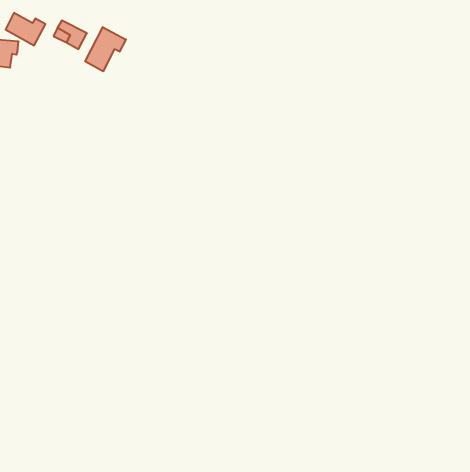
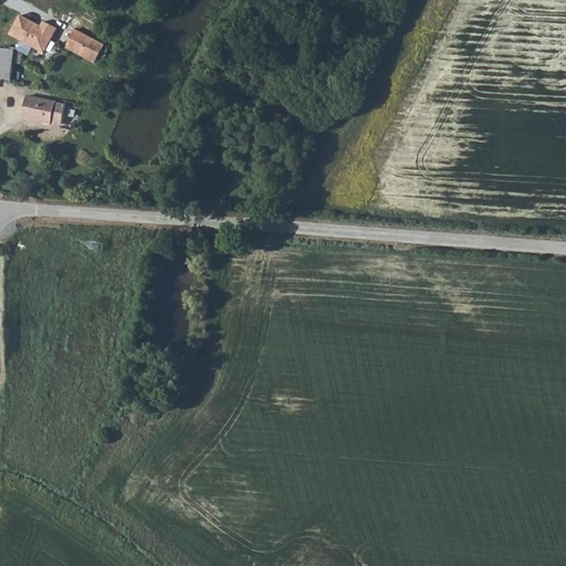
building: [85,27,126,71] -> none
building: none -> [20,95,67,125]

